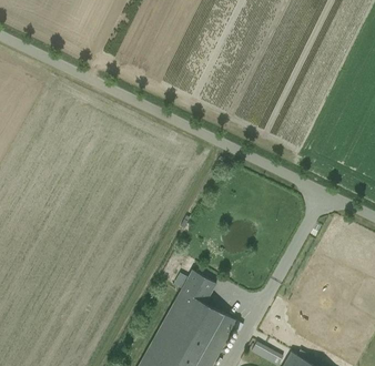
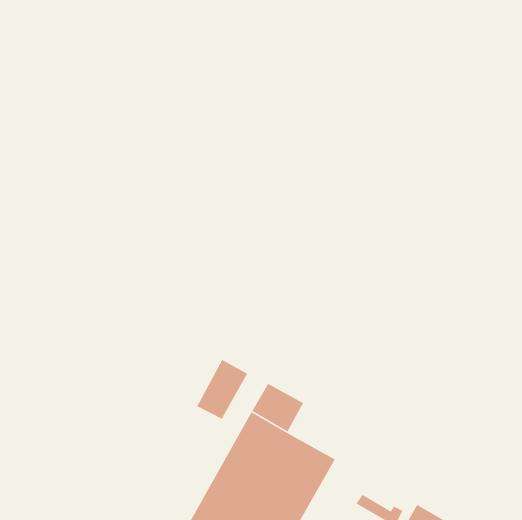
building: none -> [196,359,248,420]

